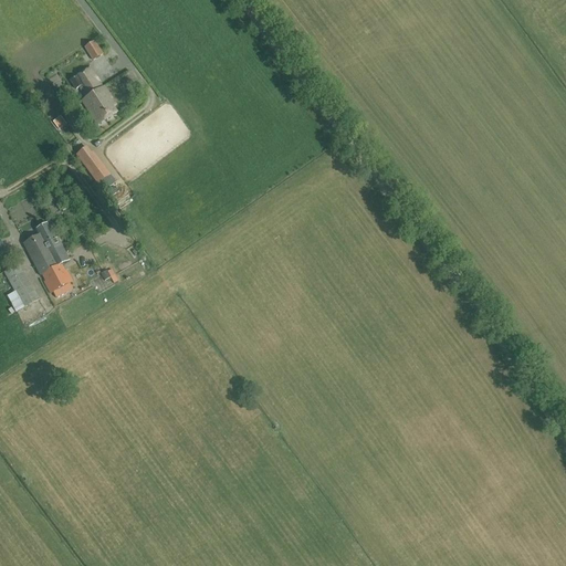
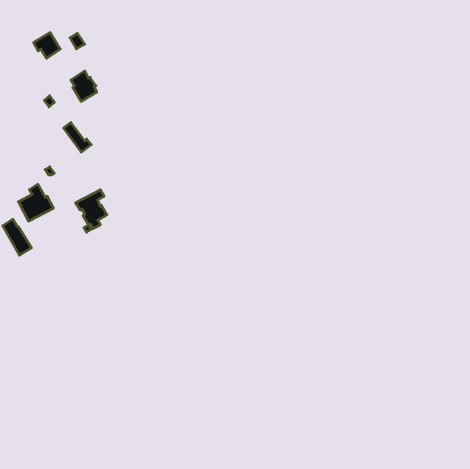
building: [70,65,102,96] -> [34,33,60,58]
building: [34,250,72,296] -> [76,190,107,229]

